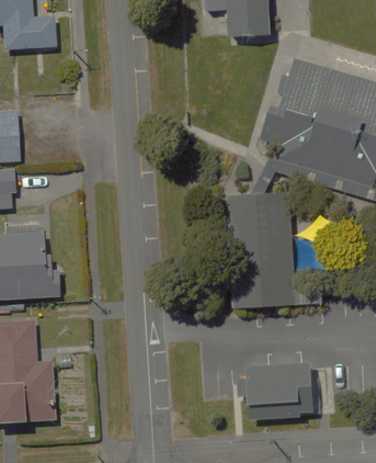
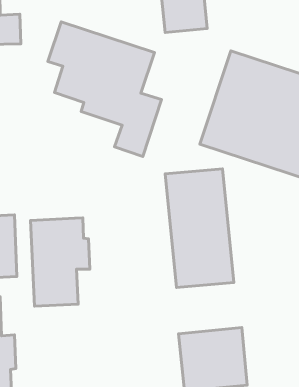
building: none -> [48,22,162,156]
building: none -> [30,218,90,306]

